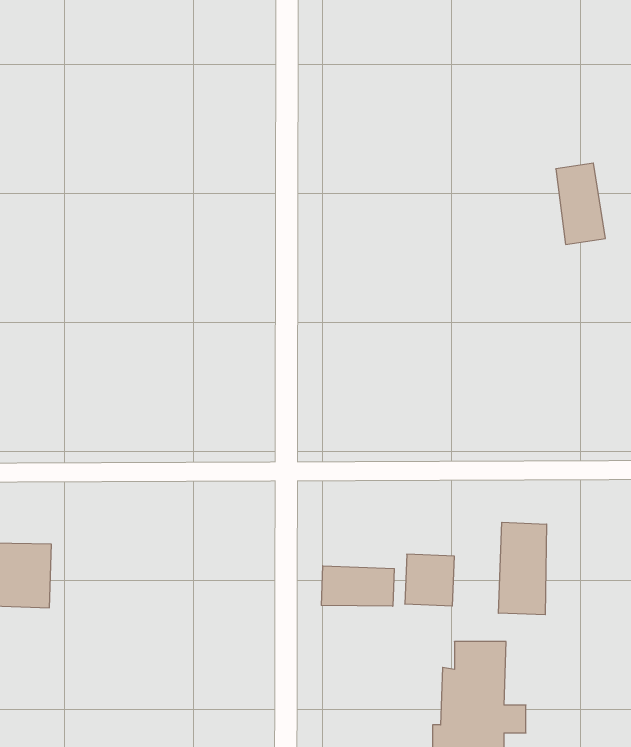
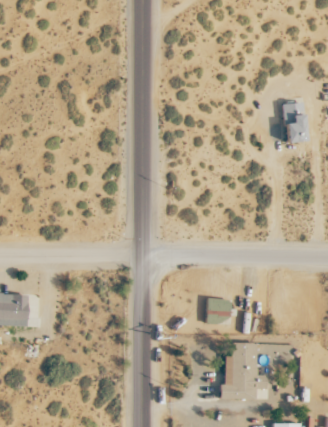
building: [498,522,547,615] -> none
building: [321,566,394,606] -> none

